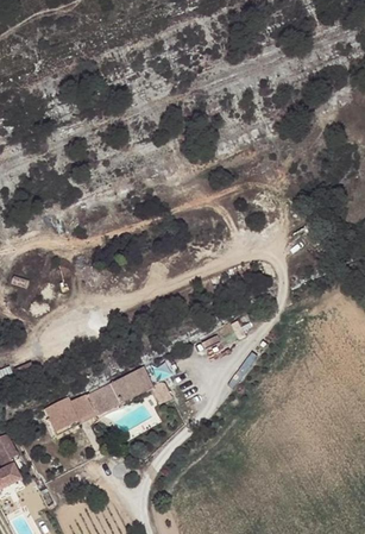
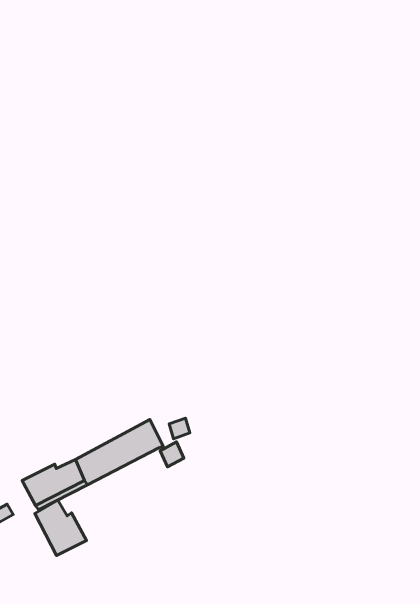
building: none -> [35,500,86,555]

